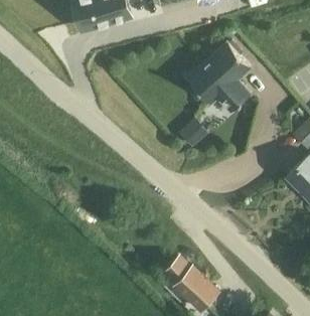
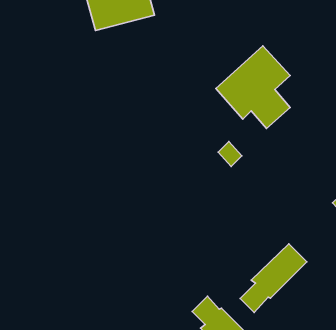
building: none -> [240,244,307,313]

